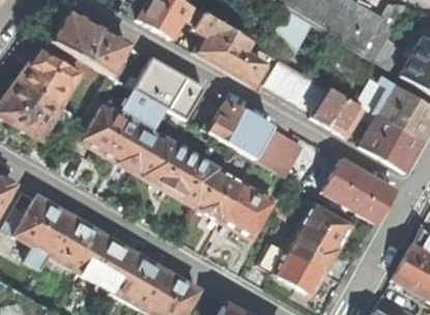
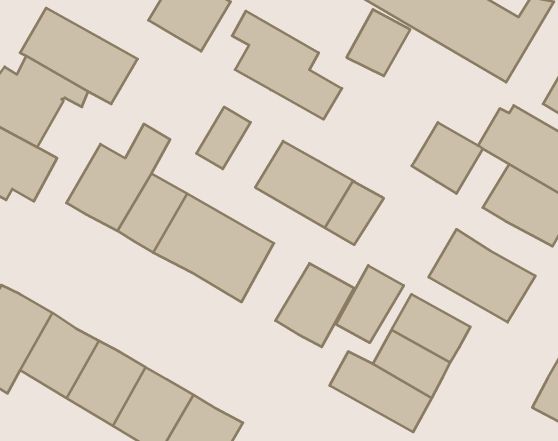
building: [134,58,188,109] -> none
building: [266,60,331,114] -> none
building: [199,169,245,221] -> [336,265,404,343]

